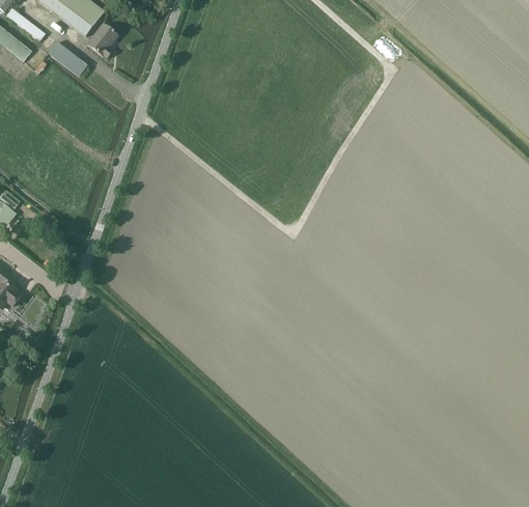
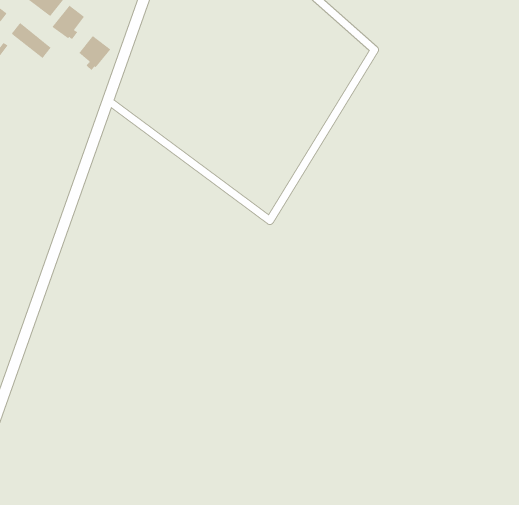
building: none -> [79,35,111,71]

